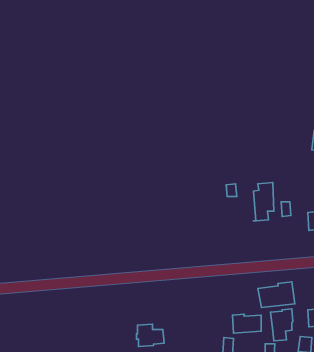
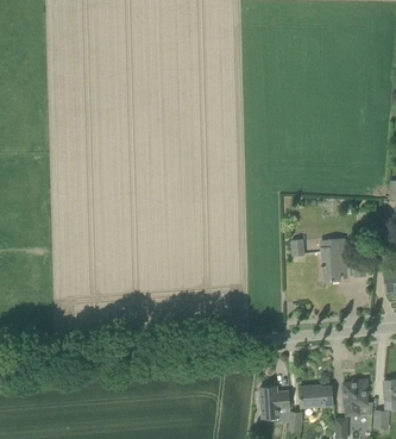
building: [258,282,295,308] -> none
building: [136,324,164,346] -> [259,385,290,410]

